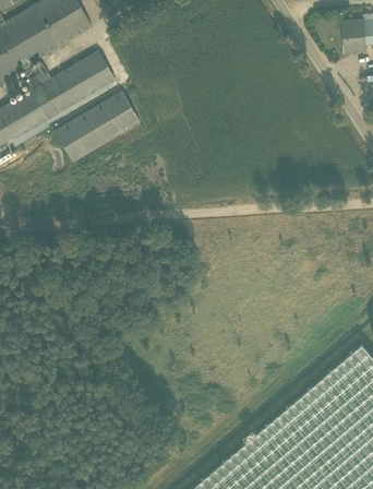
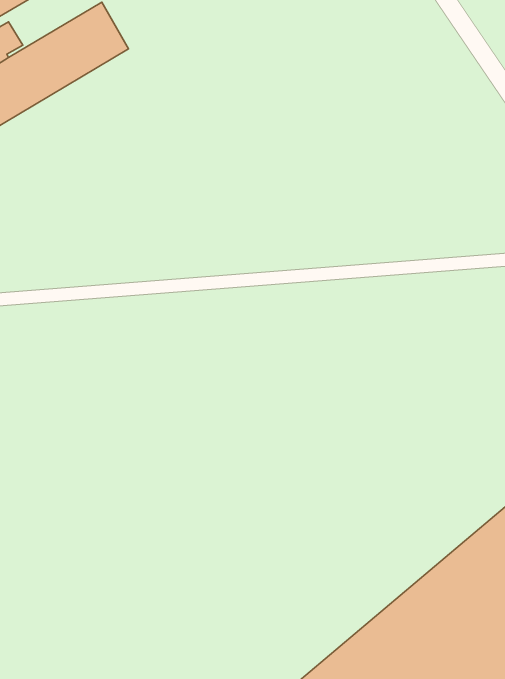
building: [55,92,140,163] -> none

